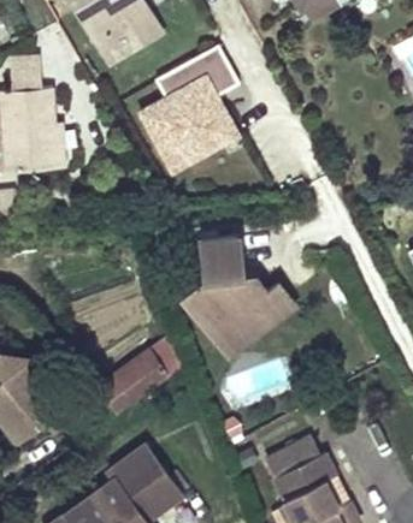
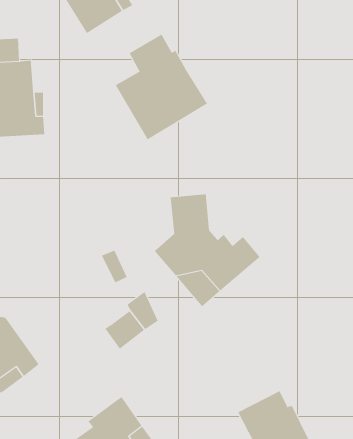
building: [188,48,237,100] -> none
building: [98,363,143,414] -> none

